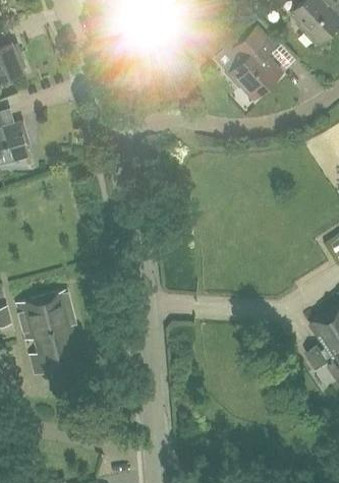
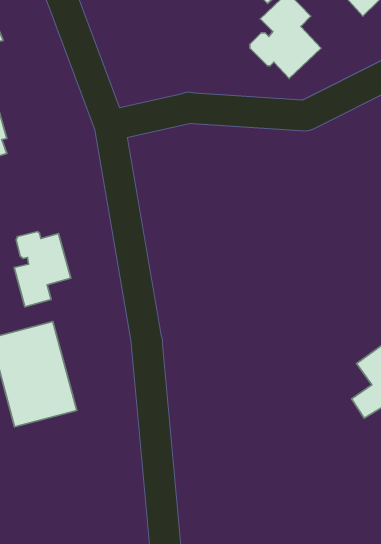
building: none -> [14,232,71,307]

